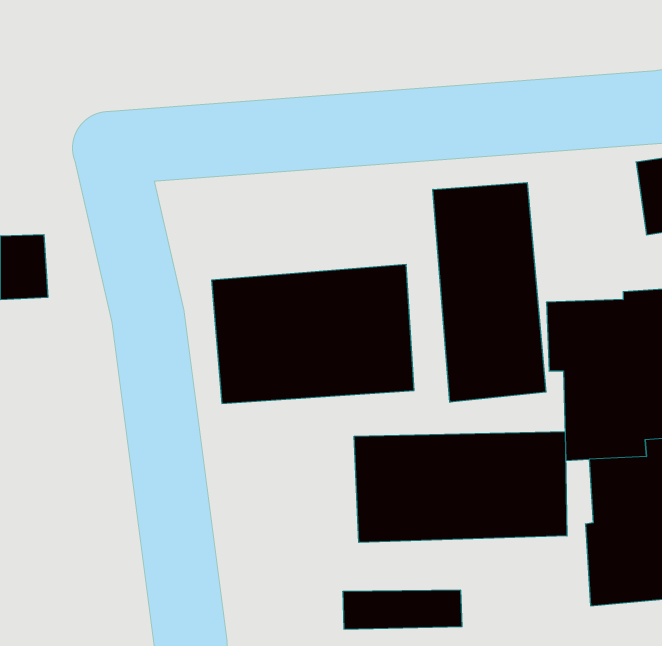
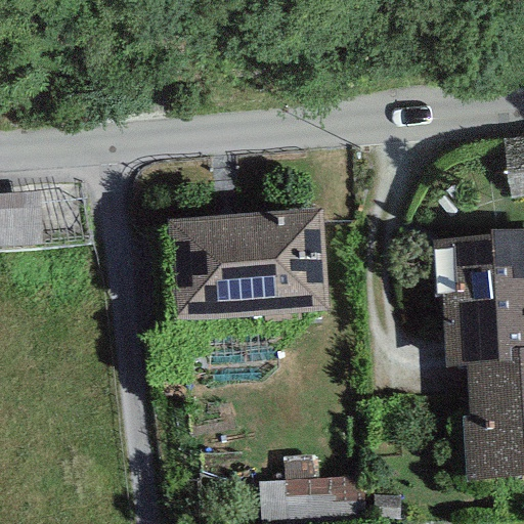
building: [433,183,546,402] -> none
building: [354,432,567,542] -> none

